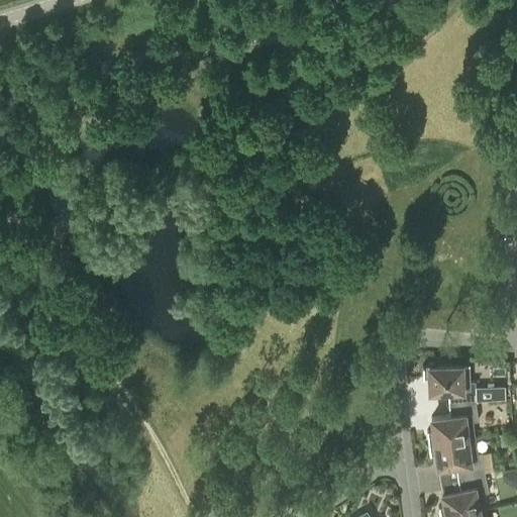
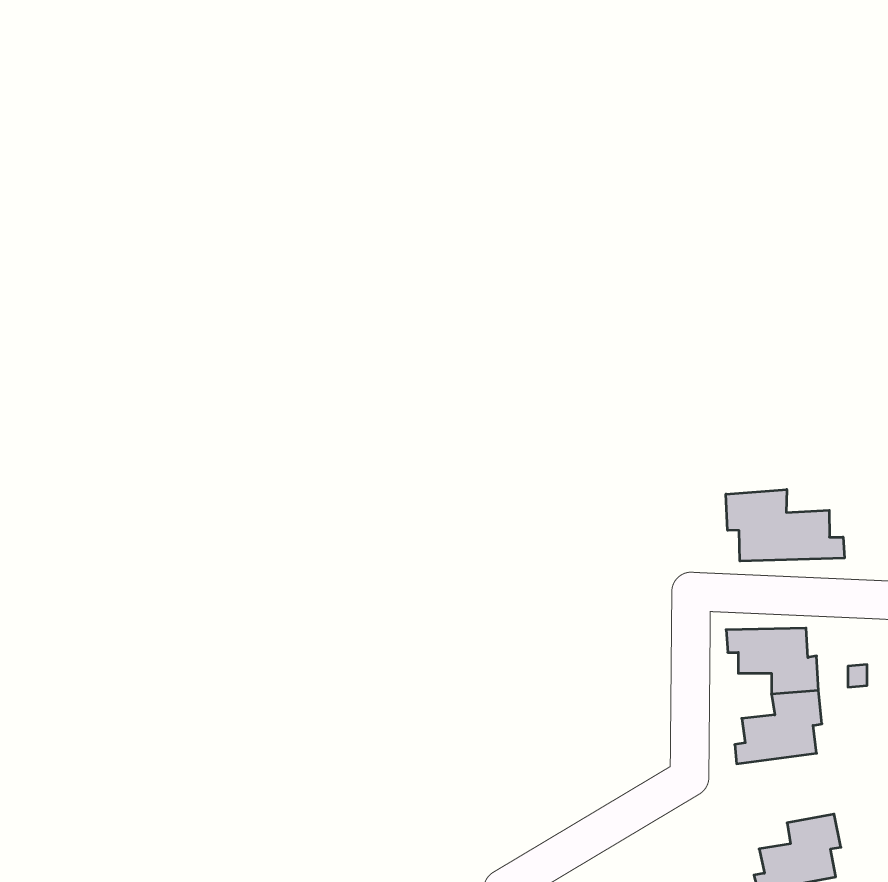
building: none -> [726,489,844,561]
building: [427,441,484,482] -> none

